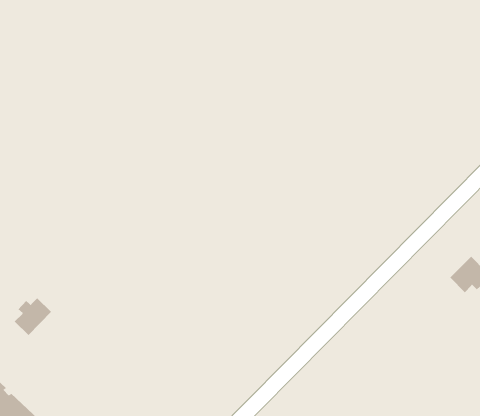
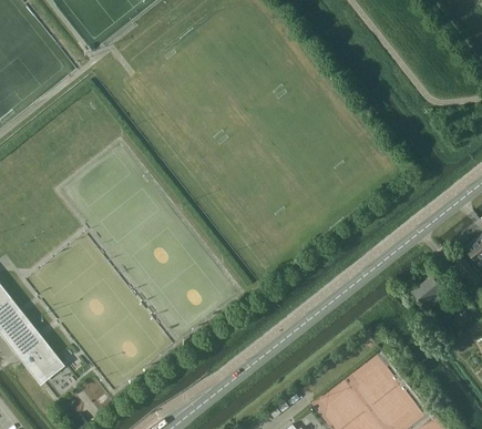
building: [14,298,52,336] -> none

